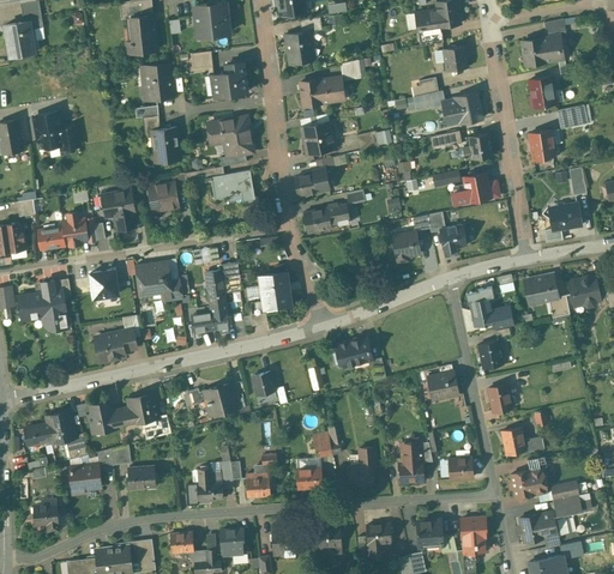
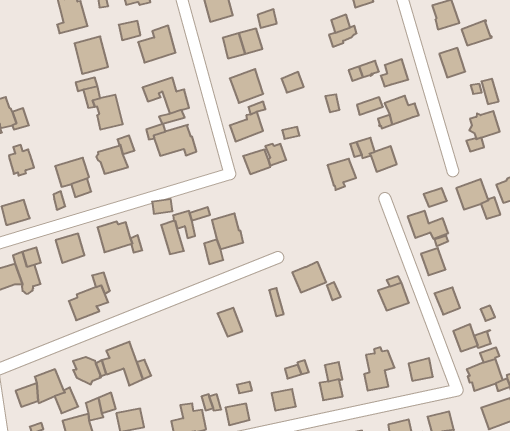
building: [443,92,481,123] -> none
building: [61,212,86,244] -> [9,145,34,176]
building: [189,304,227,336] -> none
building: [187,383,237,416] -> none

